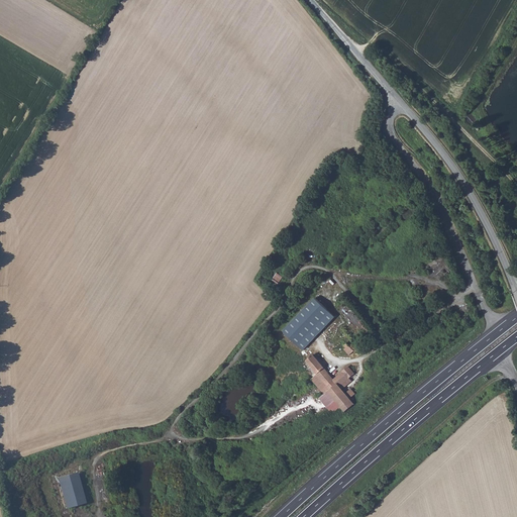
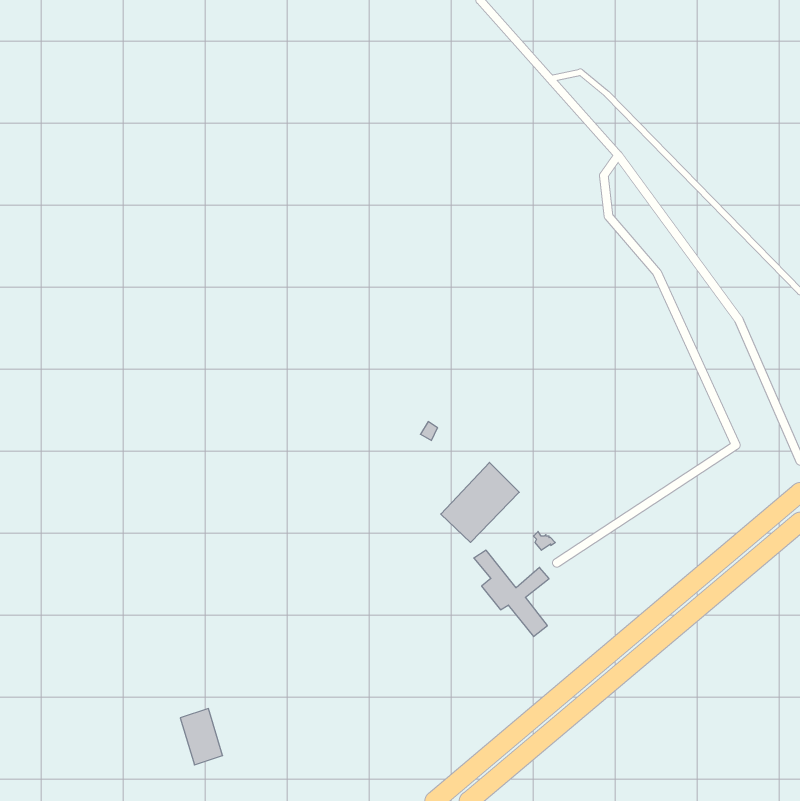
building: [56,473,83,509] -> [180,709,223,765]

